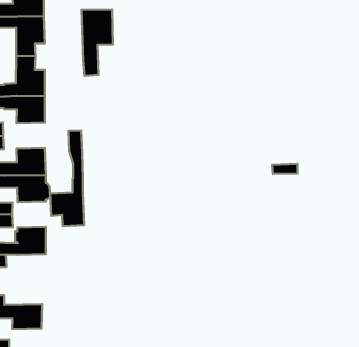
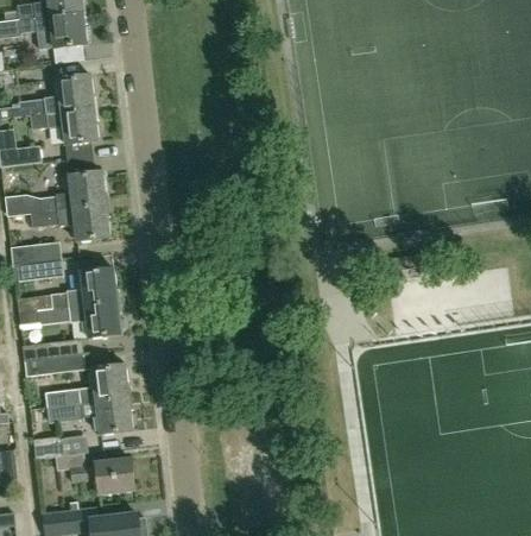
building: [82,10,113,76] -> none
building: [50,130,84,226] -> none
building: none -> [94,397,133,434]

